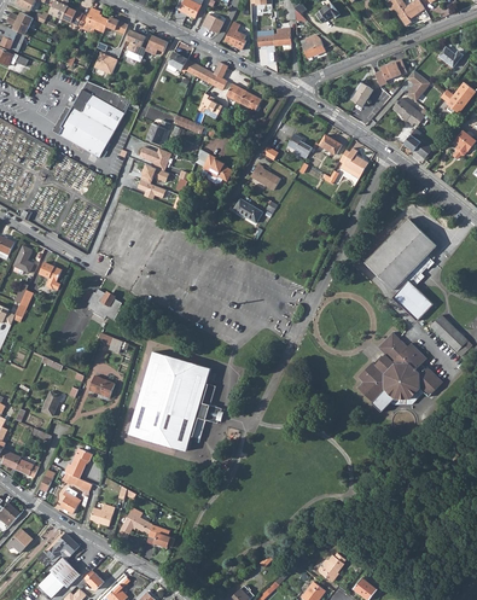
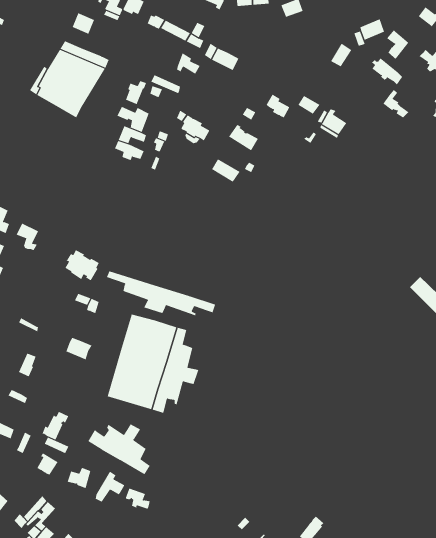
building: [366,220,435,321] -> none
building: none -> [106,270,216,316]
building: [357,332,442,401] -> none
building: none -> [88,424,151,475]

